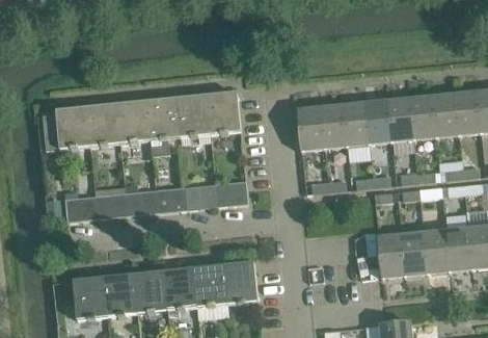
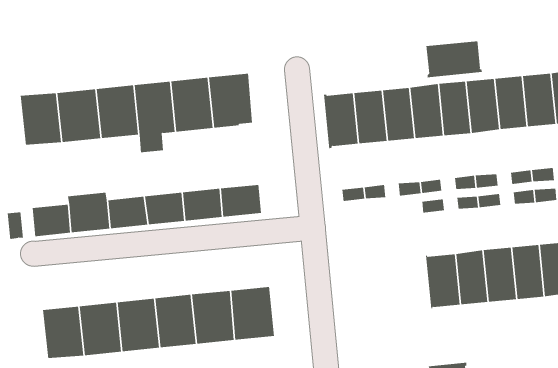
building: none -> [426,41,482,78]

